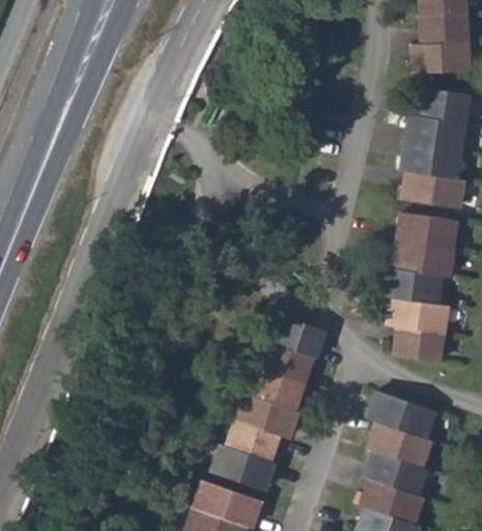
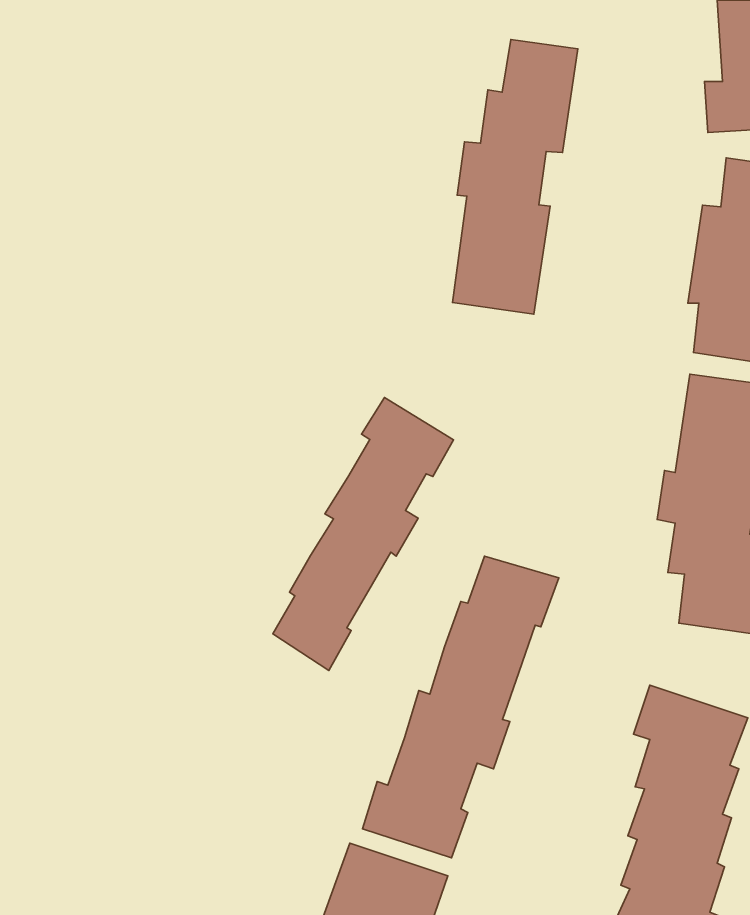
building: none -> [452,40,578,314]
building: none -> [273,398,454,670]

